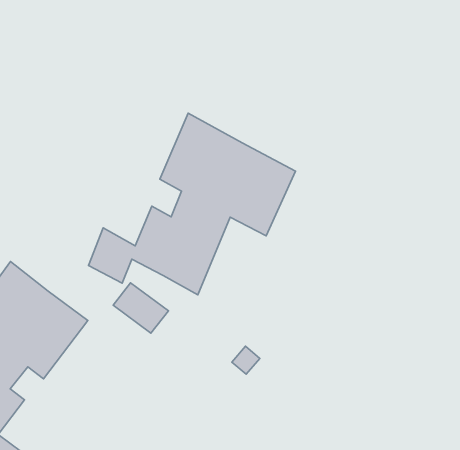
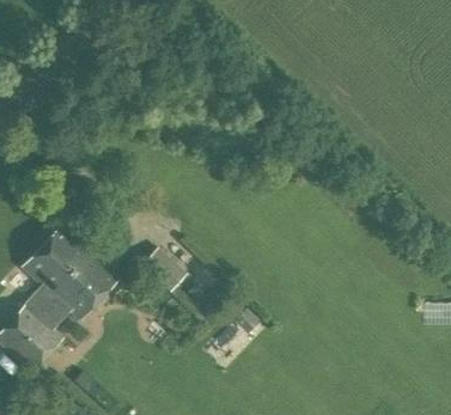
building: [89,113,295,295] -> none

